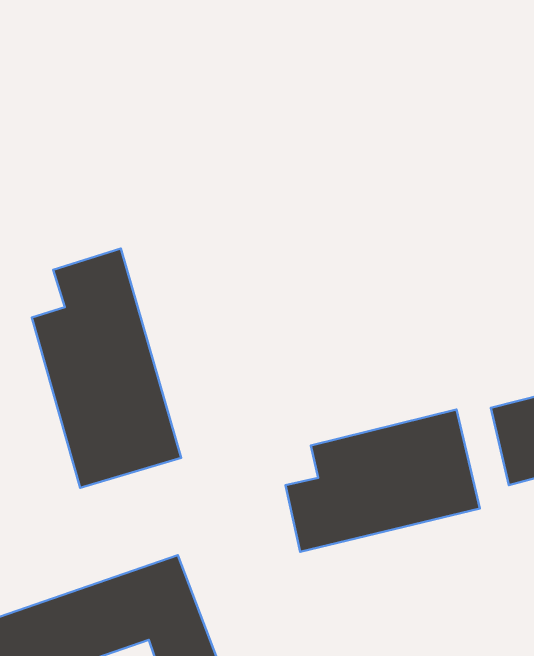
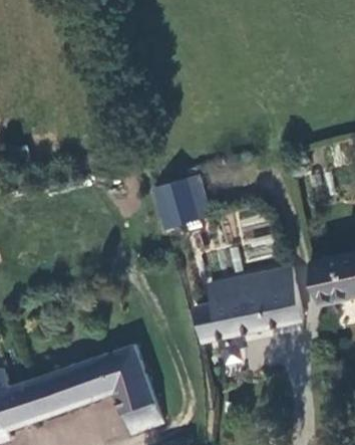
building: [32,248,181,488] -> none
building: none -> [152,177,200,227]

